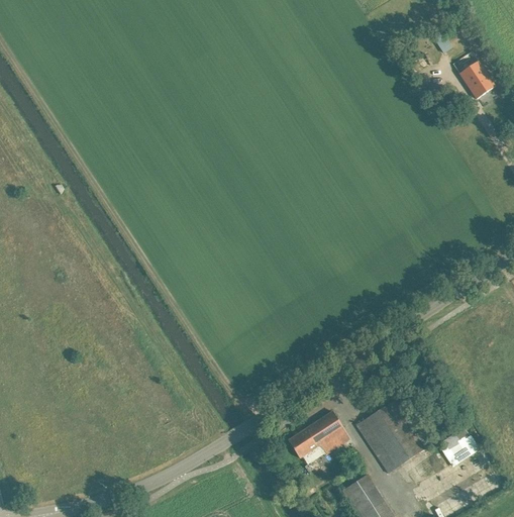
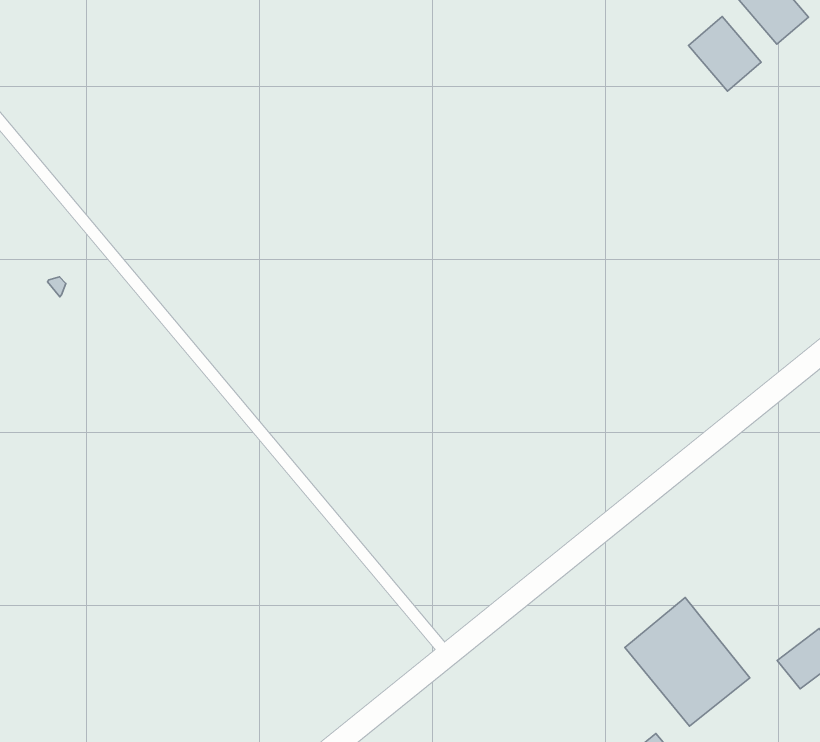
building: none -> [688,17,761,91]
building: [287,412,349,464] -> none

